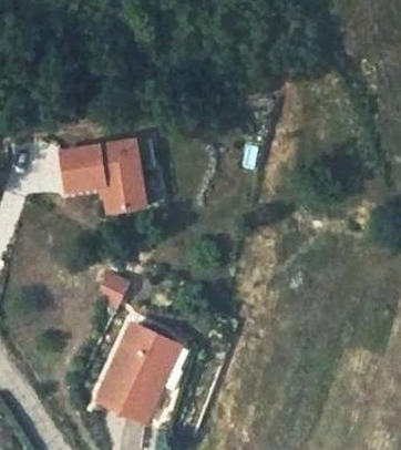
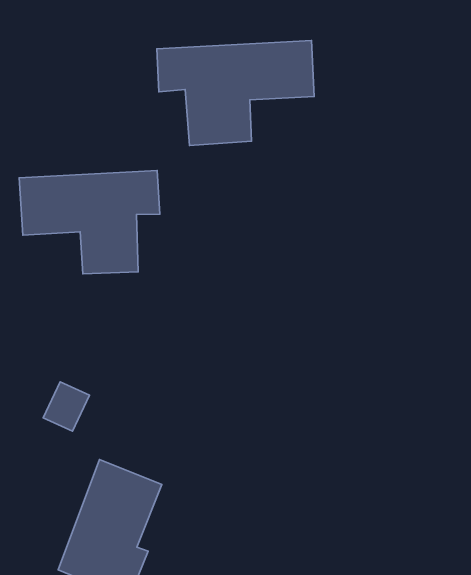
building: none -> [157,40,314,146]

